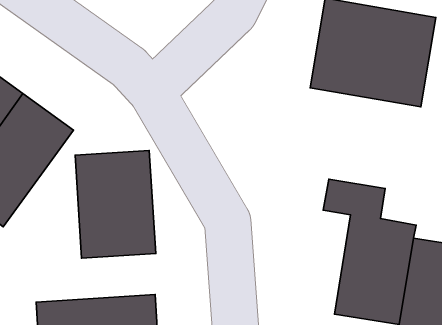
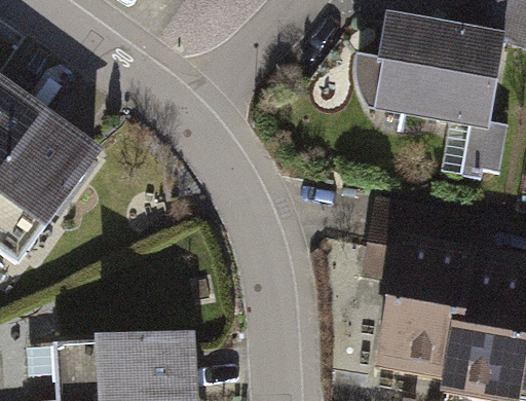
building: [75,151,156,258] -> none

